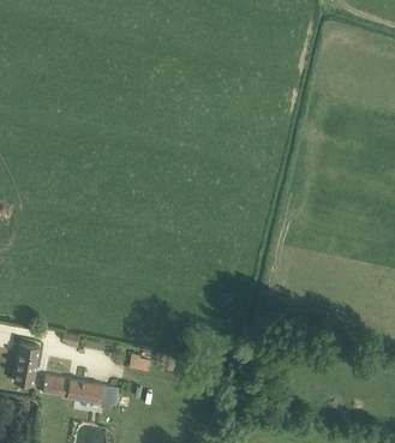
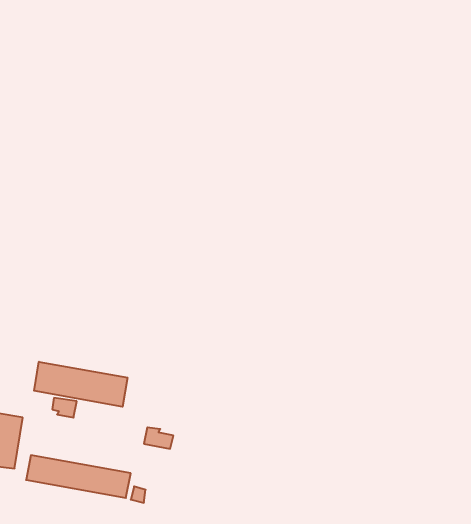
building: none -> [34,362,127,407]

